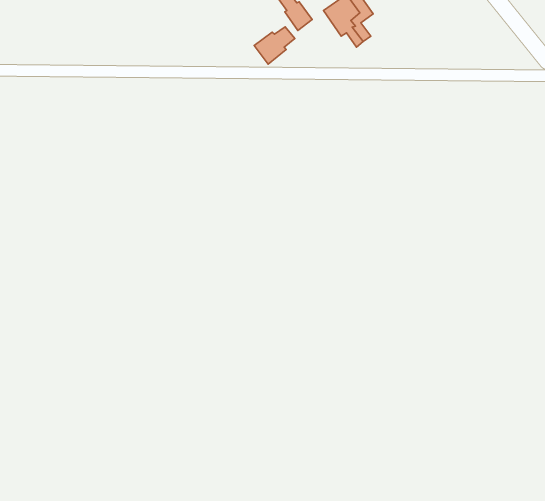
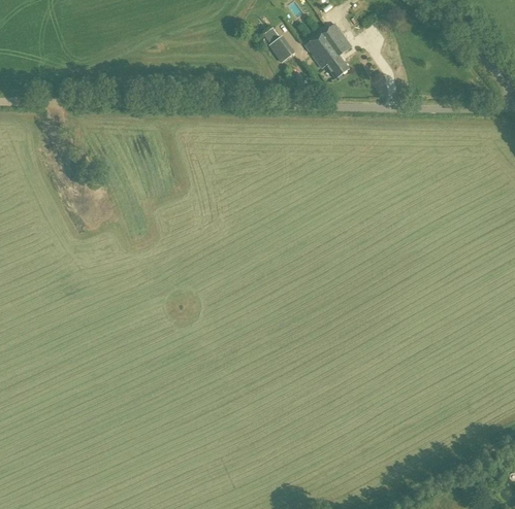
building: [254,27,295,64] -> none

